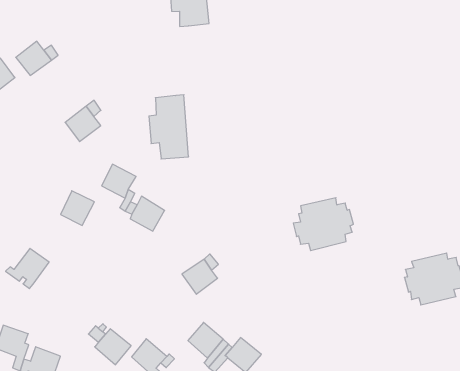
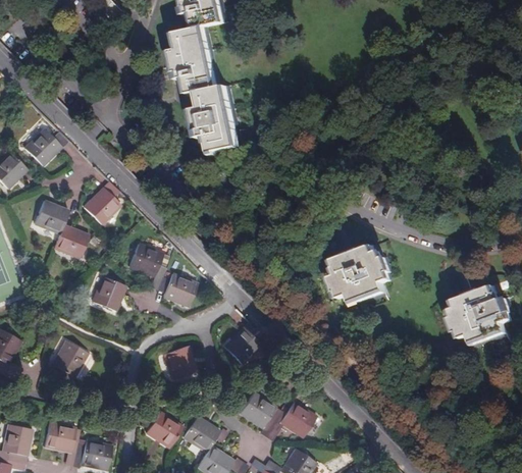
building: [149,95,189,159] -> [192,86,238,154]
building: none -> [34,202,88,259]
building: none -> [164,346,197,379]

